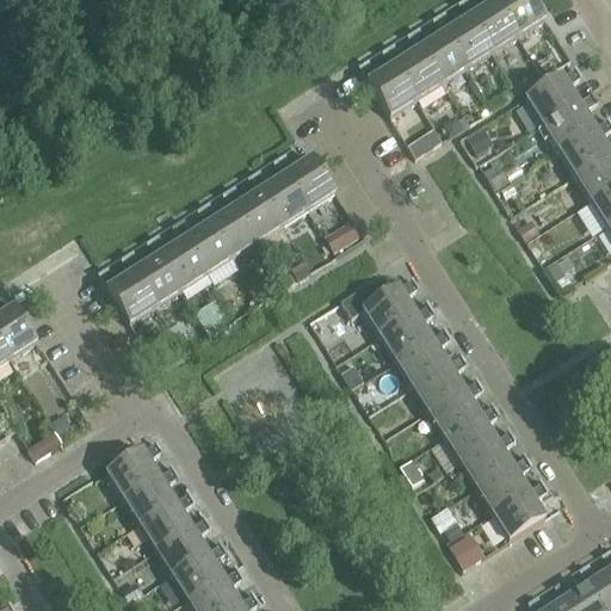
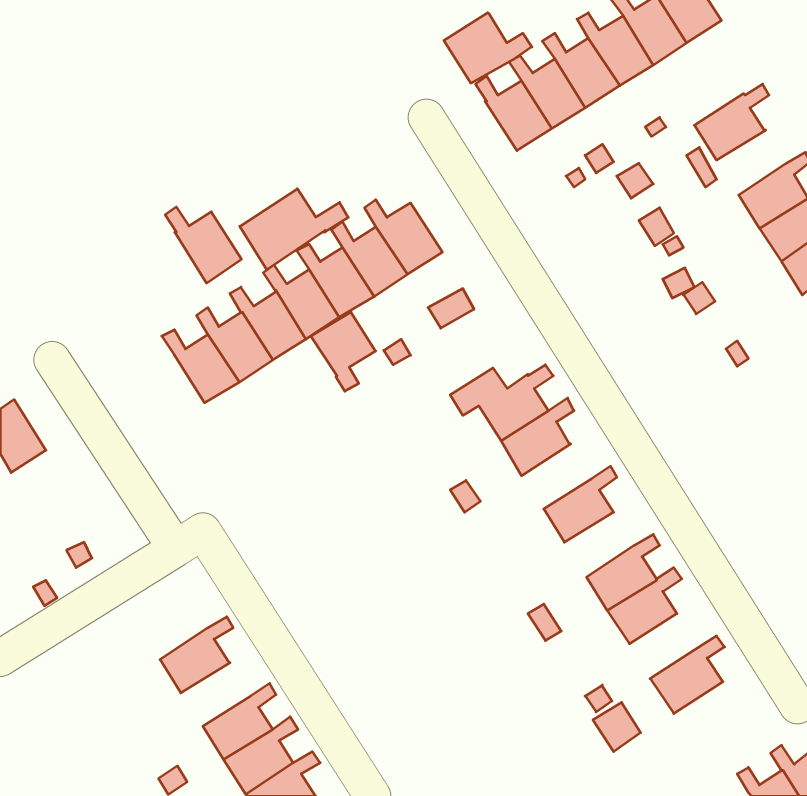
building: none -> [444,13,532,83]
building: [542,88,598,147] -> none
building: none -> [240,189,348,270]
building: none -> [311,312,376,391]
building: [99,264,156,321] -> [165,207,241,283]
building: [395,326,451,383] -> none
building: [427,376,483,434] -> none
building: [105,438,162,496] -> none
building: [476,452,531,511] -> none
building: [138,489,195,547] -> none

